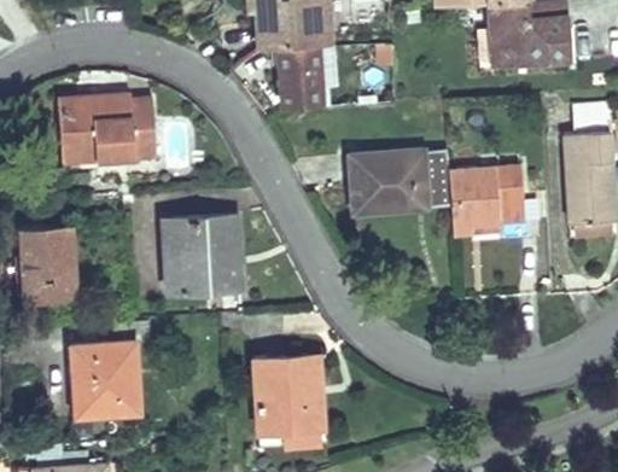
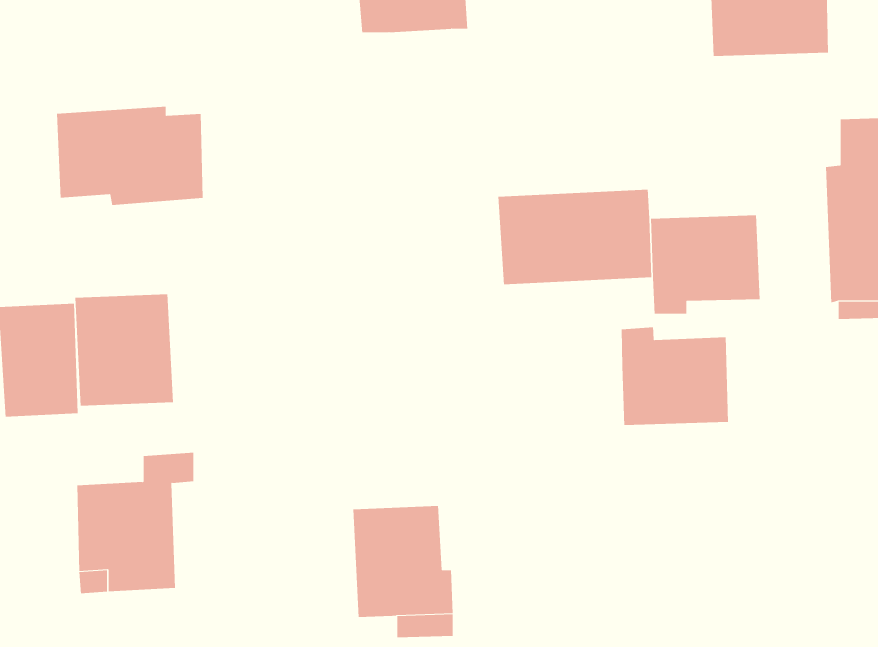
building: [279,46,322,109] -> none
building: [175,217,240,291] -> [74,294,174,406]
building: none -> [621,326,728,426]

